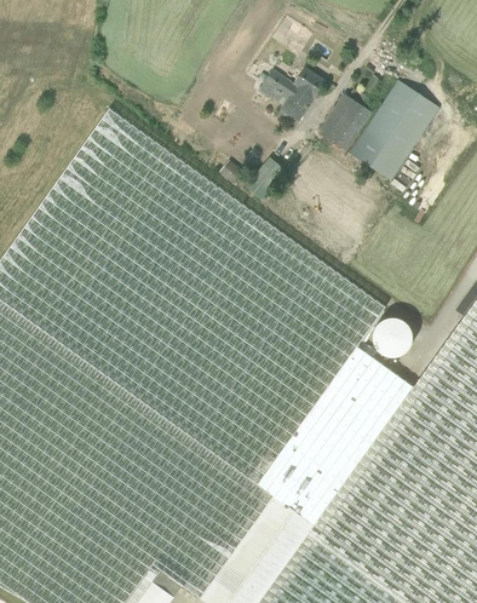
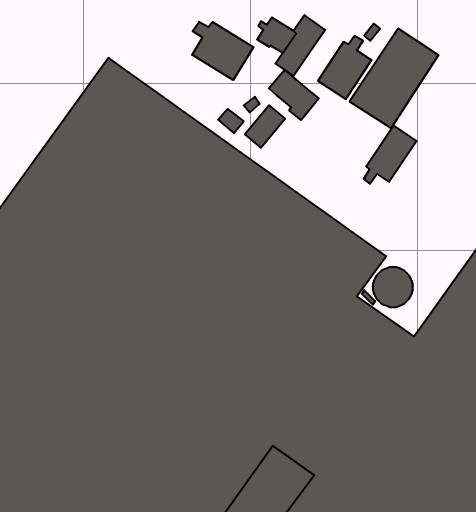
building: none -> [192,22,253,80]
building: none -> [269,70,319,120]
building: none -> [364,126,417,184]

